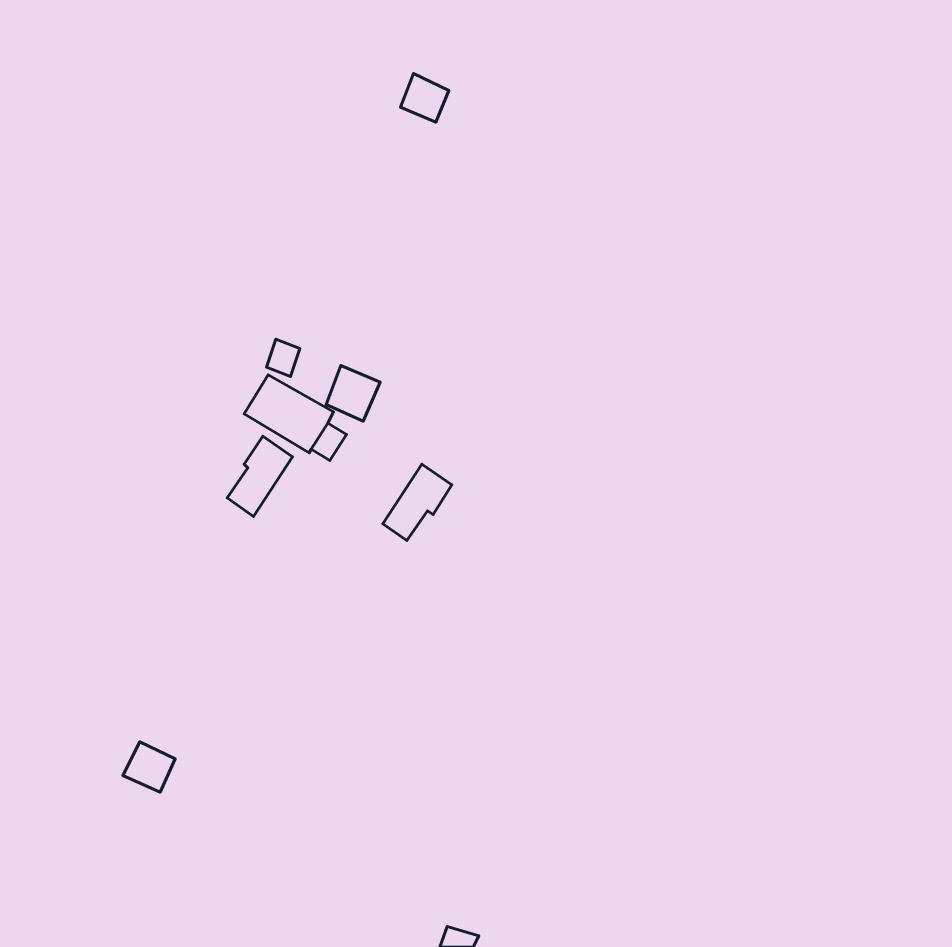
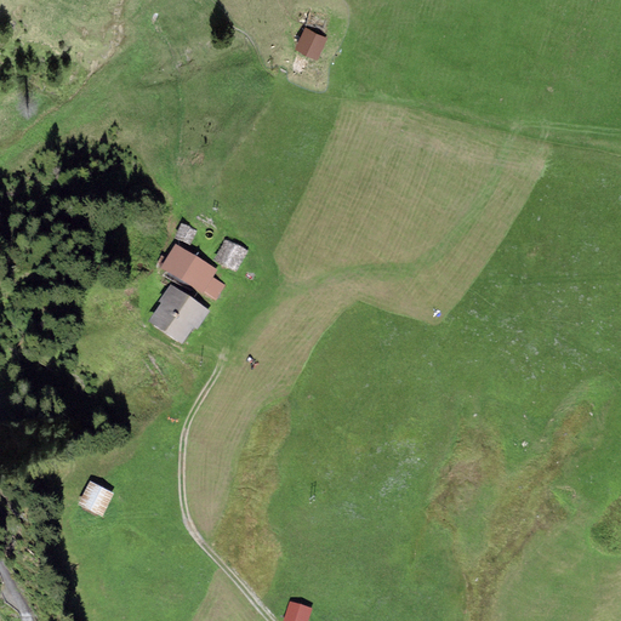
building: [400,74,449,122] -> [297,24,329,56]
building: [383,464,452,541] -> [165,297,210,347]

